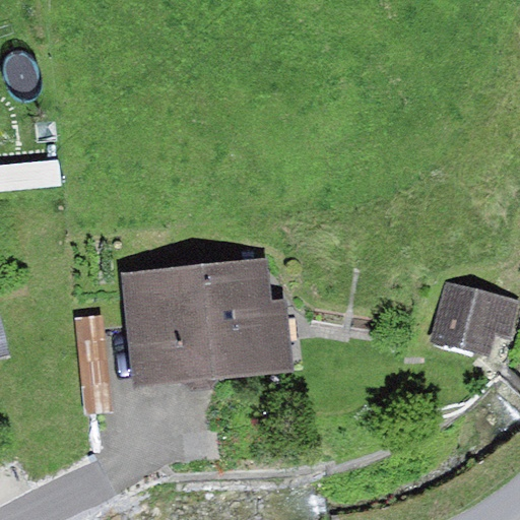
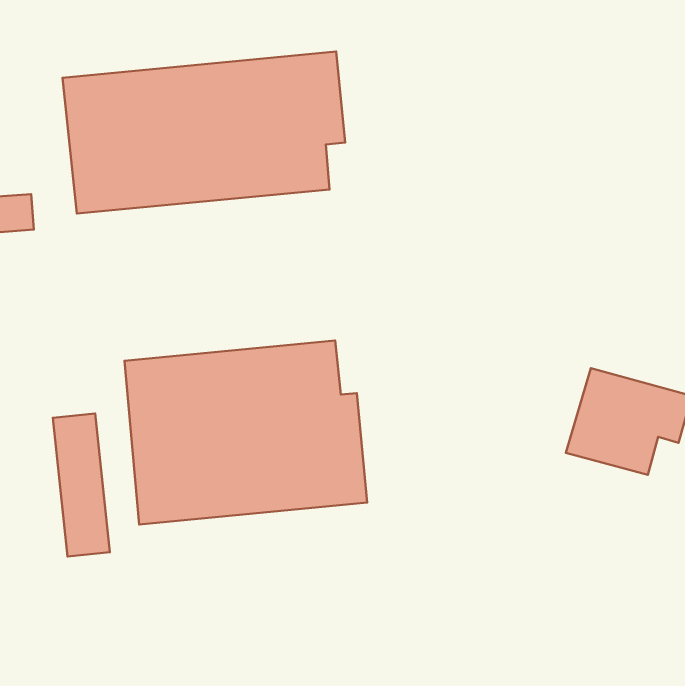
building: none -> [63,52,345,214]

